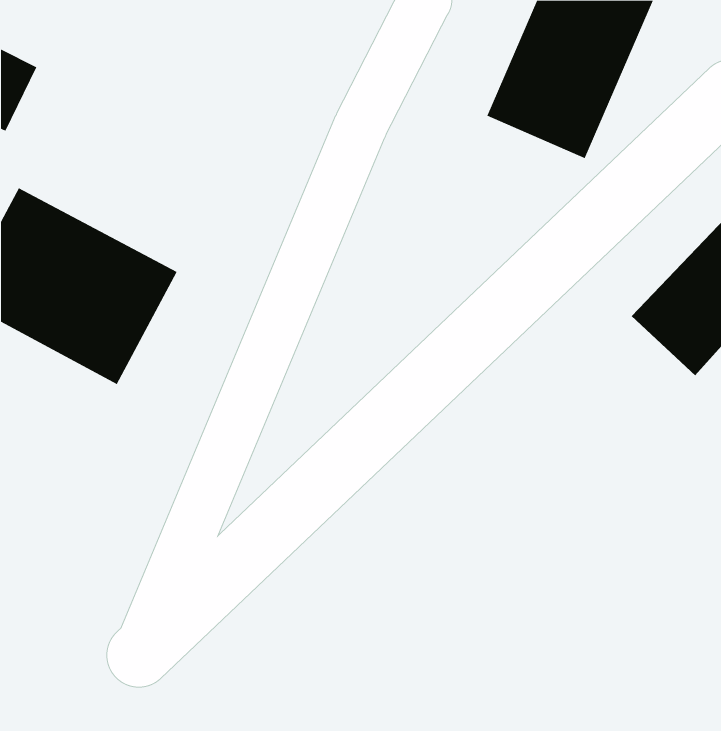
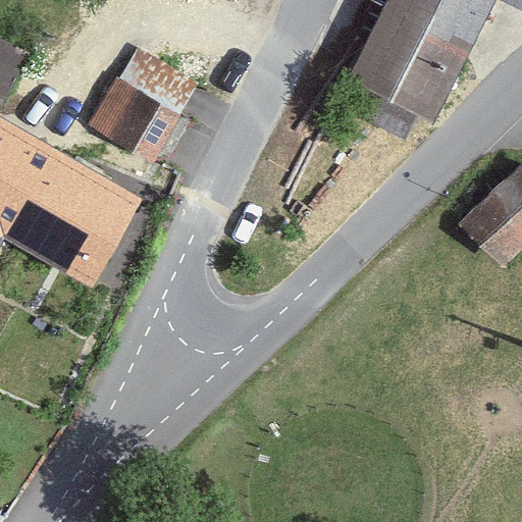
building: none -> [85,75,182,164]

